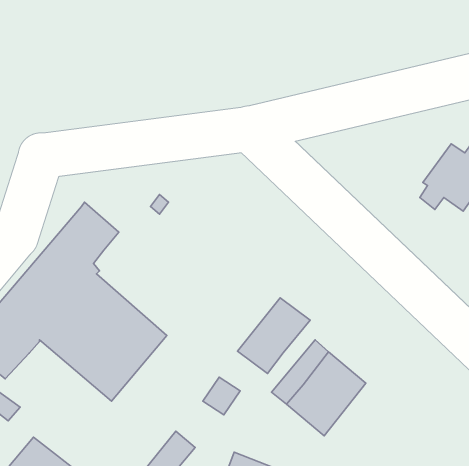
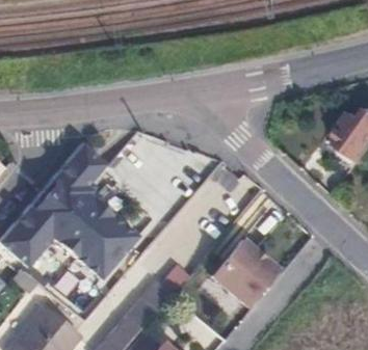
building: [238,298,310,373] -> none

